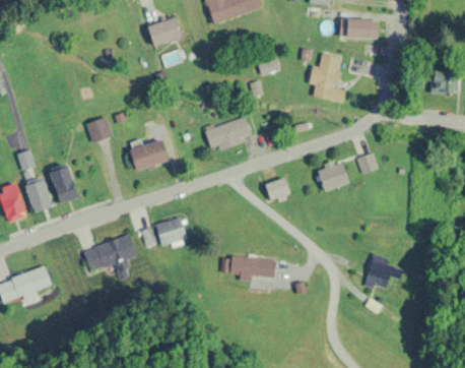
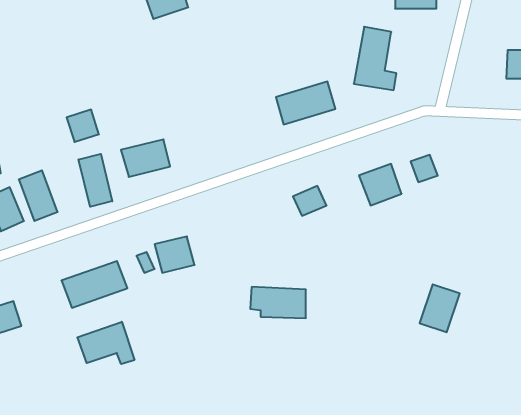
building: [205,117,252,150] -> [276,82,335,124]
building: none -> [79,154,112,207]
building: none -> [77,322,134,364]

